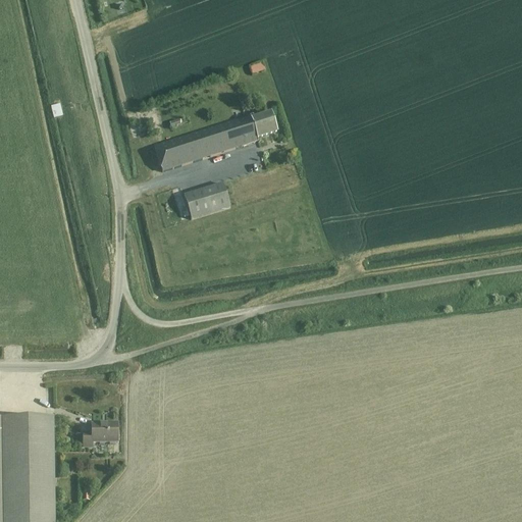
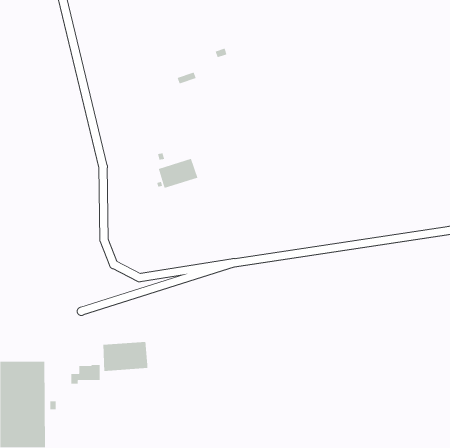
building: [153,112,275,171] -> none
building: none -> [102,341,148,372]

